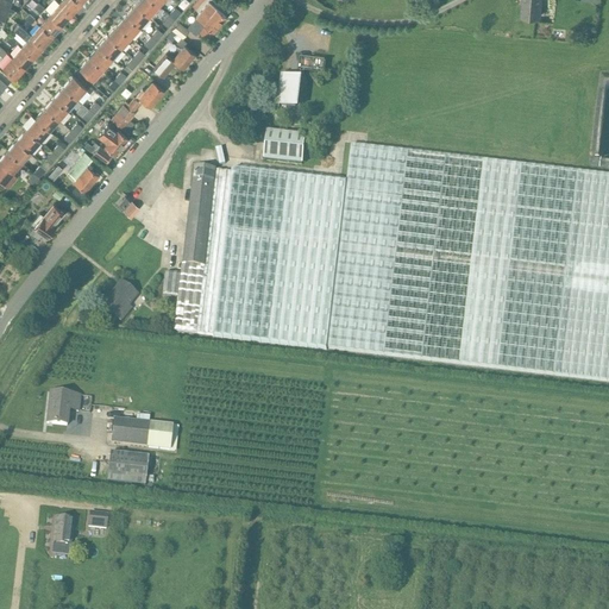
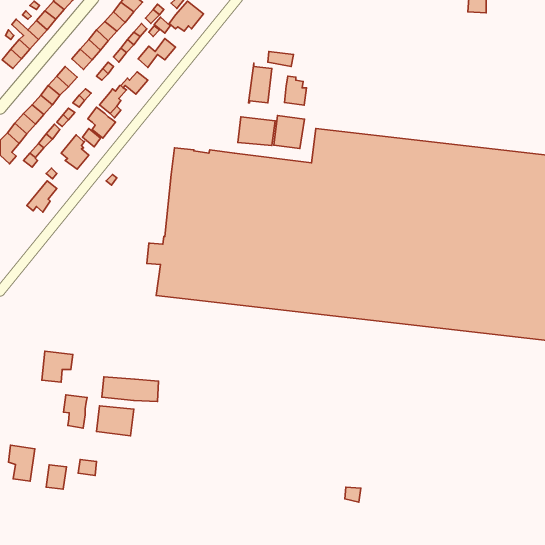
building: none -> [285,76,307,105]
building: none -> [274,116,304,148]
building: [105,280,139,319] -> none
building: none -> [64,395,87,428]
building: none -> [8,445,35,481]

